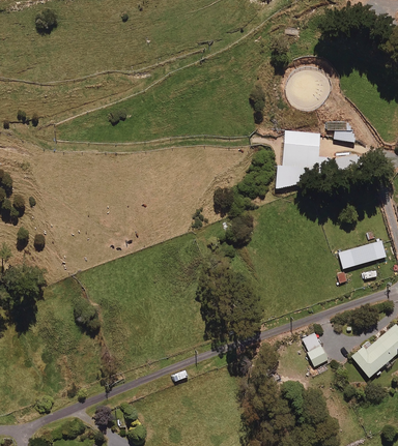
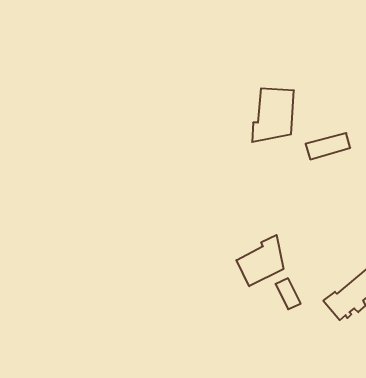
building: [338,240,386,268] -> [305,133,350,159]
building: none -> [236,235,283,286]

